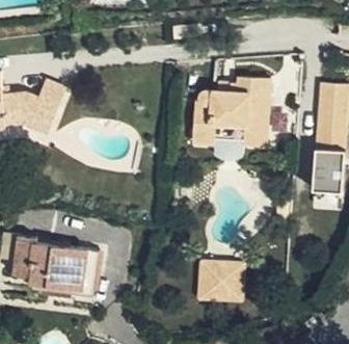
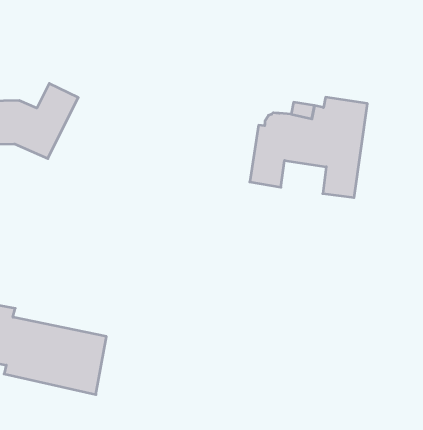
building: [198,262,242,299] -> none

